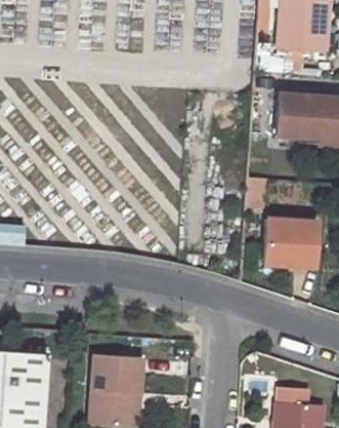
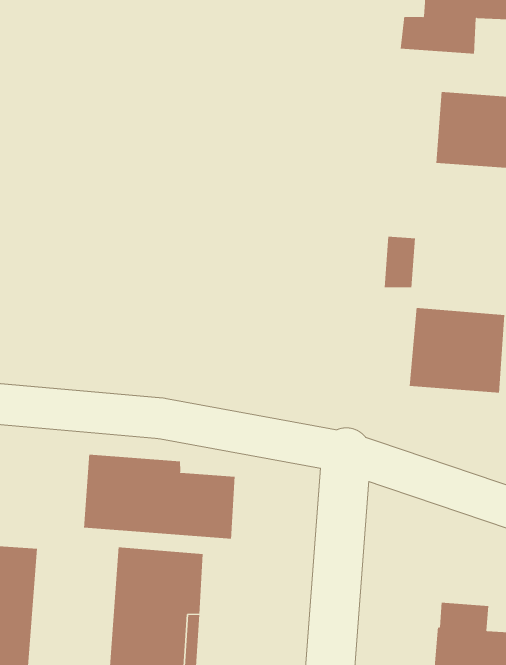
building: none -> [83,454,235,539]

